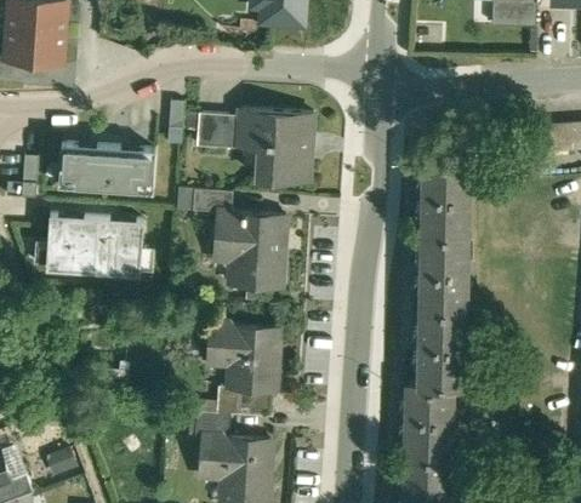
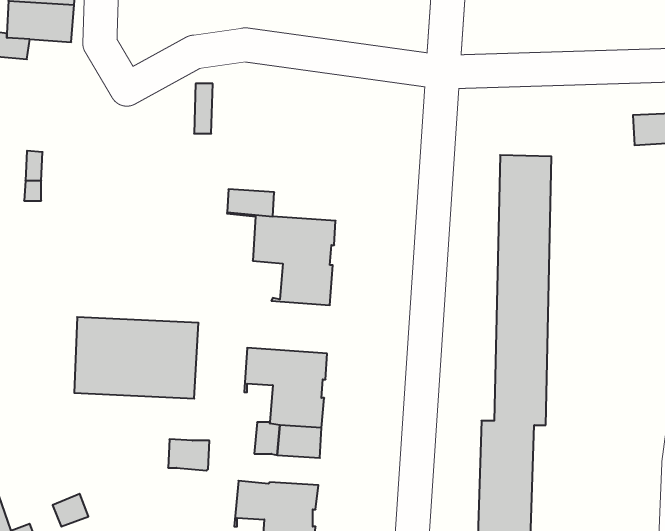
building: [239,110,313,182] -> none
building: [196,113,229,148] -> none
building: [55,145,155,193] -> none
building: [39,208,144,278] -> [74,317,199,399]
building: [195,412,230,439] -> [168,439,209,471]

